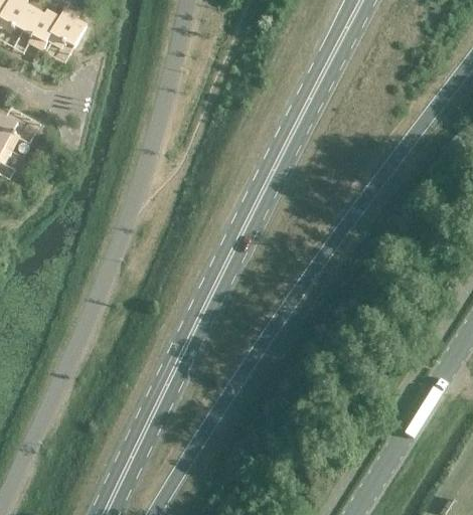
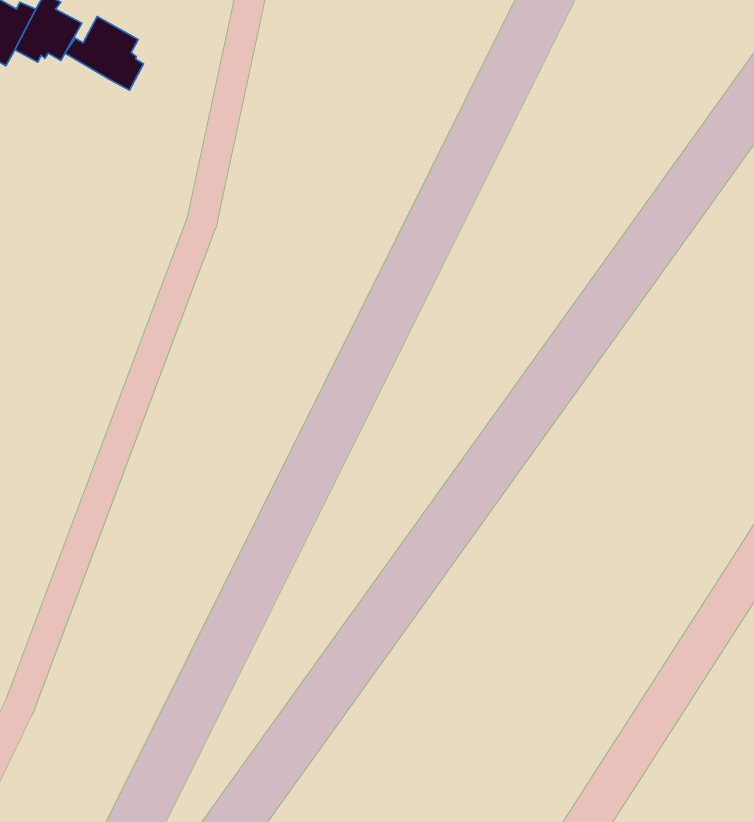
building: none -> [65,17,144,90]

